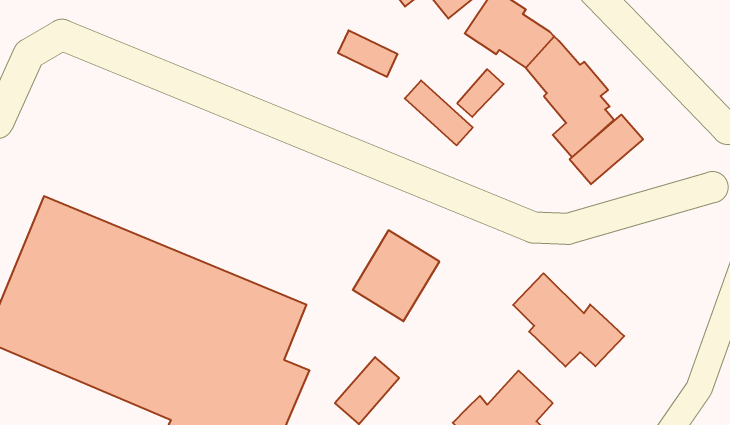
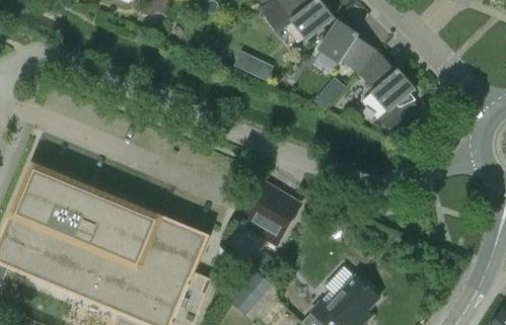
building: [405,80,473,145] -> none
building: [570,115,643,184] -> none
building: [513,273,624,367] -> none

